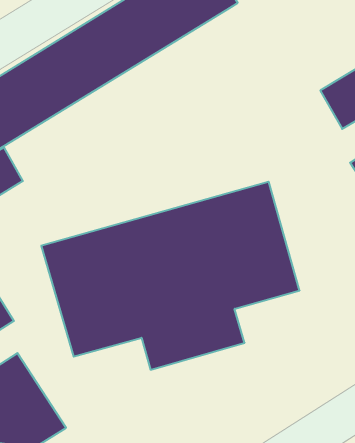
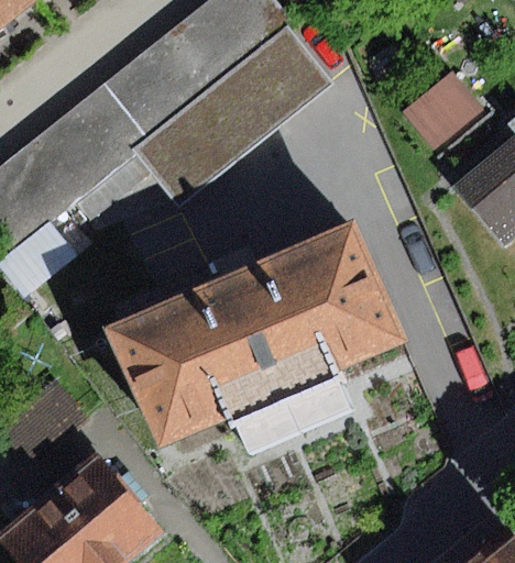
building: none -> [138,26,333,203]

